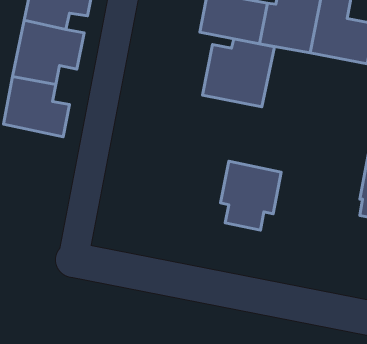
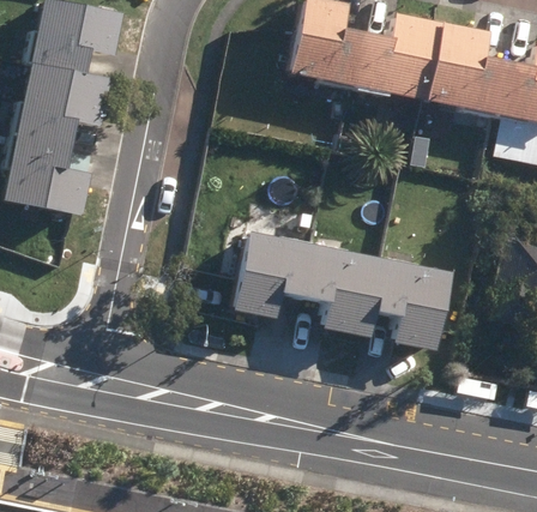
building: [202,39,275,107] -> none
building: none -> [221,228,316,317]
building: none -> [375,259,441,349]

